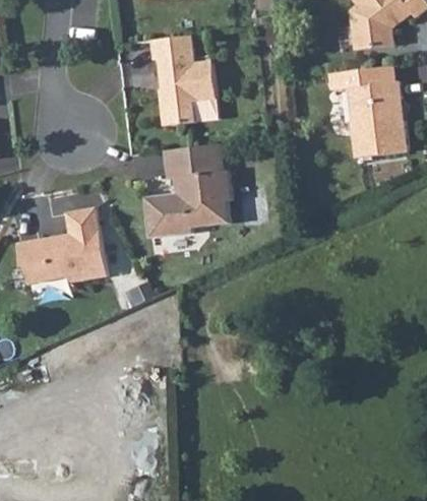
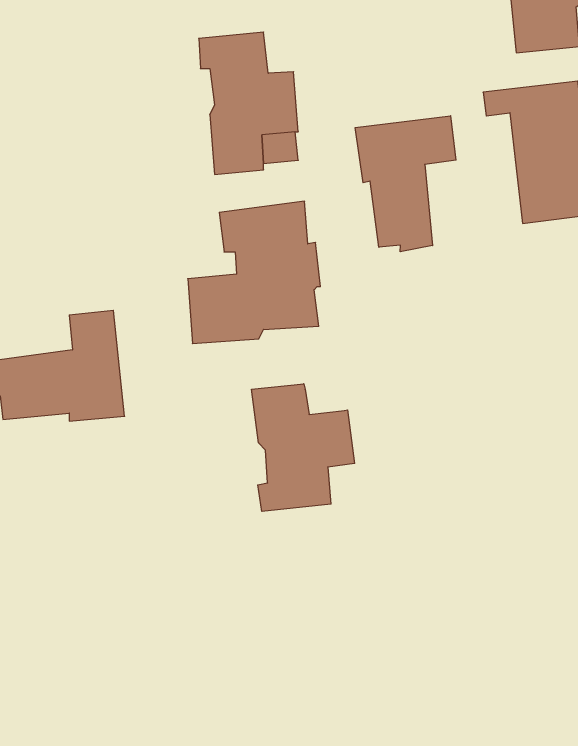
building: none -> [355,116,456,252]
building: none -> [252,384,355,511]

